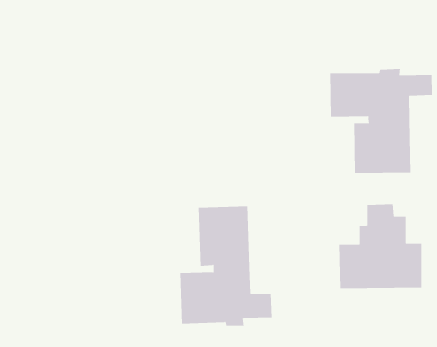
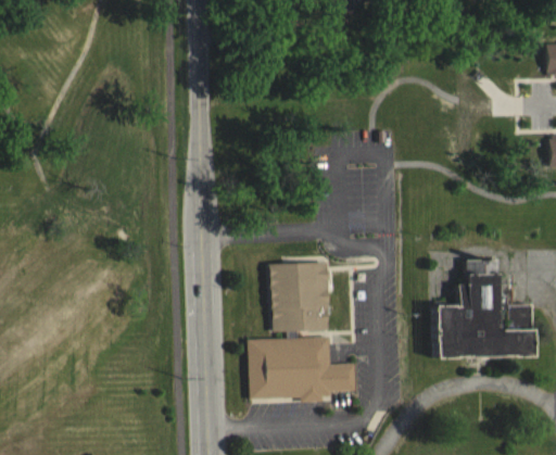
building: [330,68,432,174] -> none

